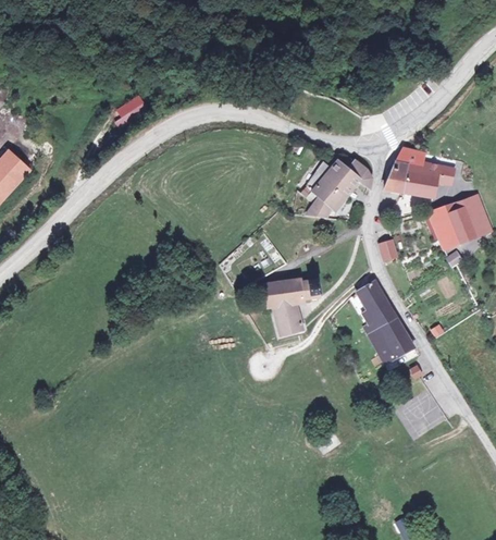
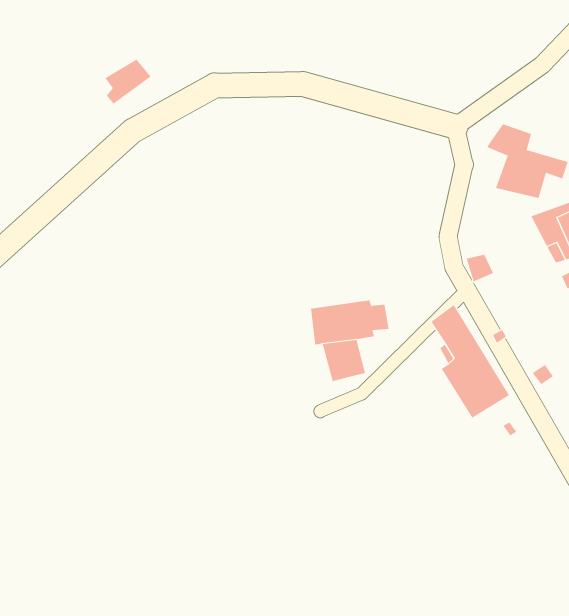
building: [284,160,368,218] -> none
building: [385,161,412,192] -> none

